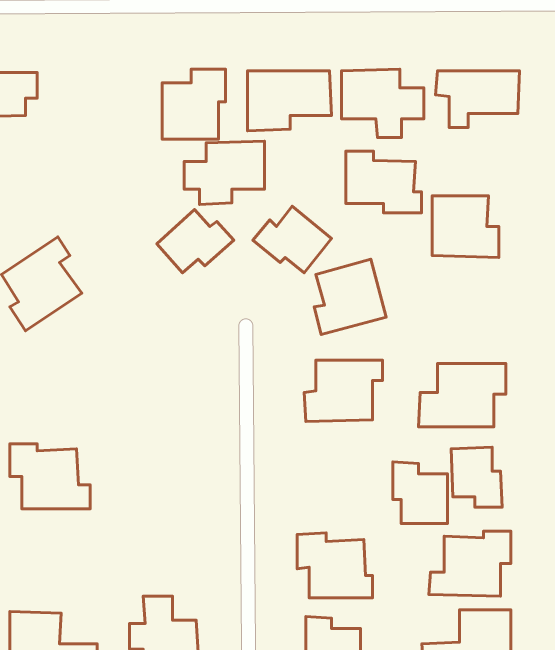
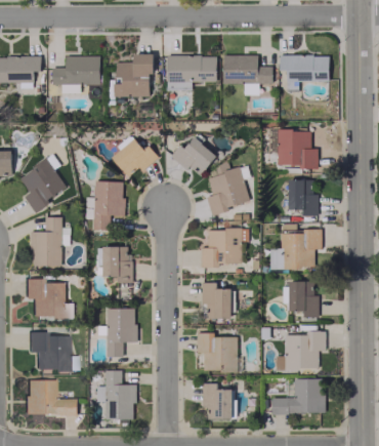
building: [184,141,264,204] -> [52,55,100,93]
building: [346,151,421,213] -> none
building: none -> [289,179,319,215]
building: none -> [93,181,124,231]
building: none -> [32,217,62,266]
building: none -> [97,246,131,283]
building: [393,462,447,523] -> [202,282,235,319]
building: none -> [106,308,136,357]
building: none -> [28,332,69,371]

